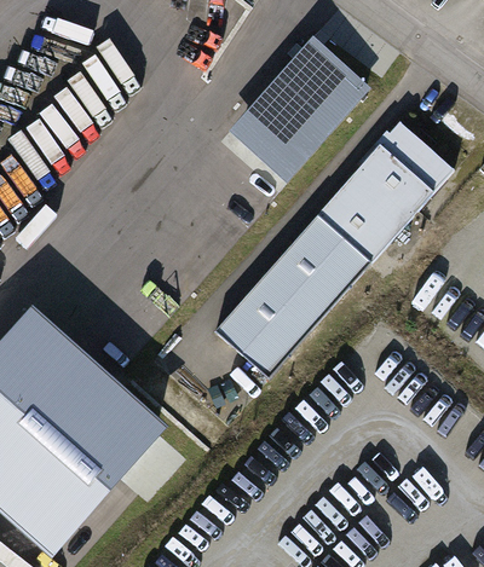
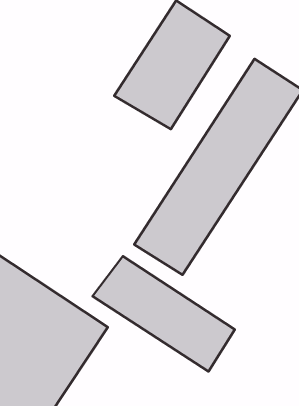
building: none -> [93,256,235,371]

